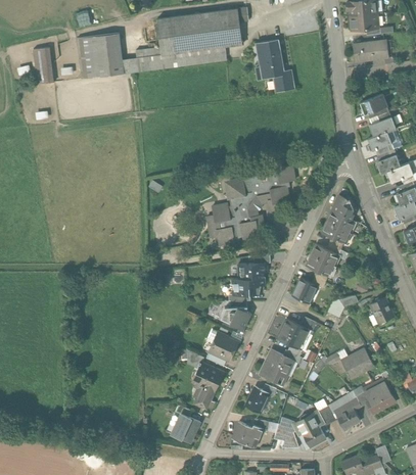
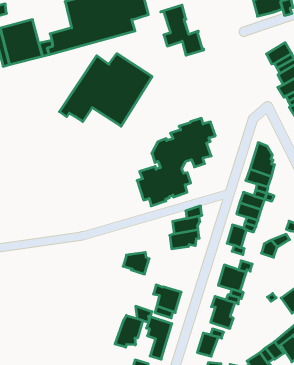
building: none -> [59,54,152,126]
building: [221,306,249,329] -> [123,252,149,274]
building: none -> [115,315,143,347]

